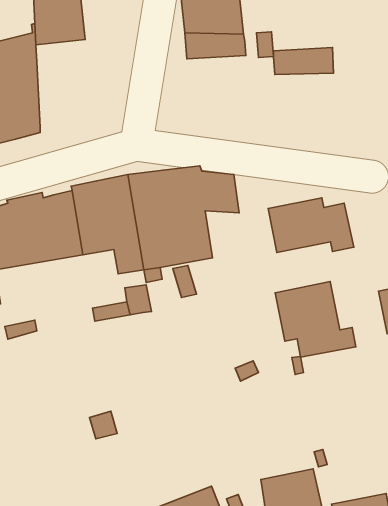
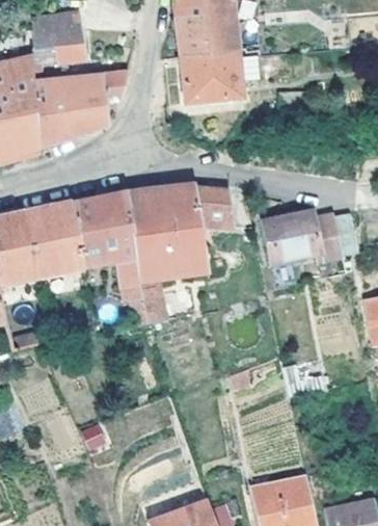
building: [274,48,334,74] -> [182,75,240,101]
building: none -> [36,71,127,144]
building: [275,282,356,357] -> none

